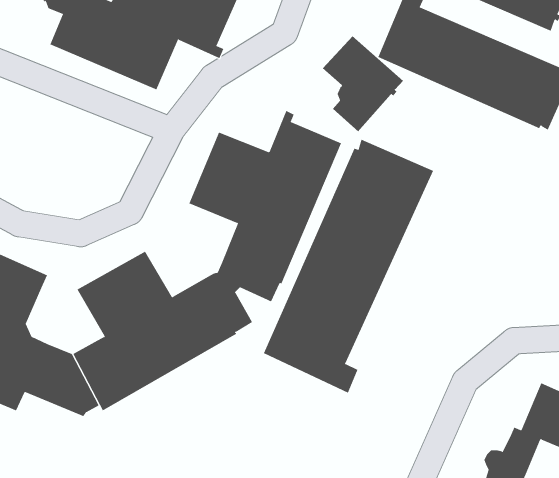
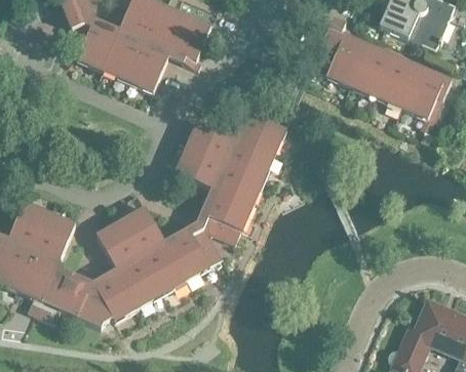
building: [322,35,404,132] -> none
building: [263,139,434,393] -> none

